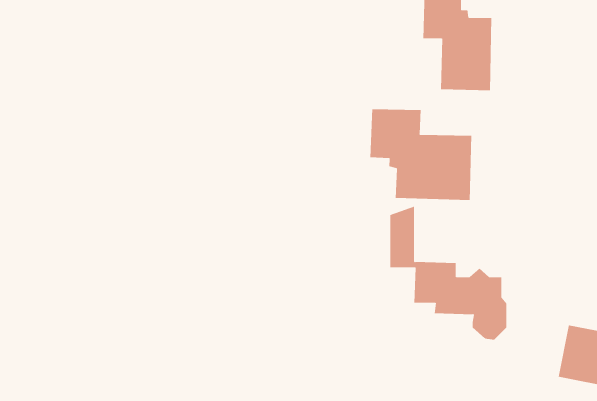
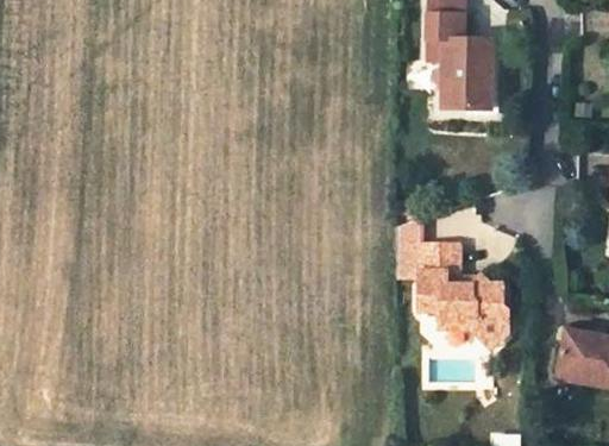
building: [370,109,472,201] -> none
building: none -> [420,243,459,271]

